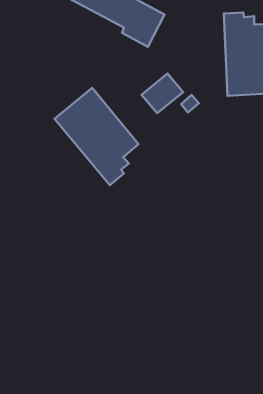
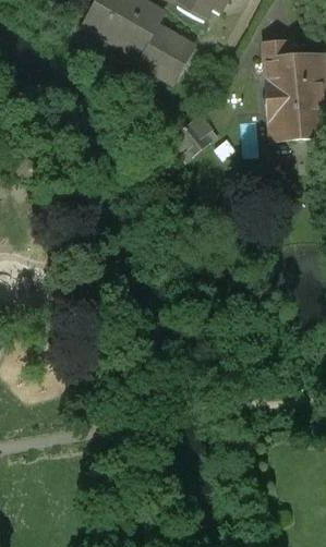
building: [54,88,138,185] -> none

